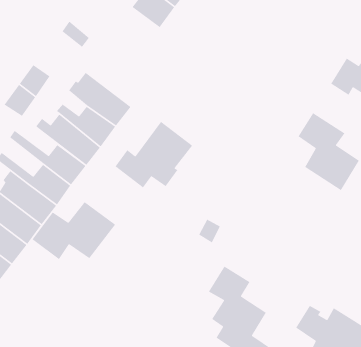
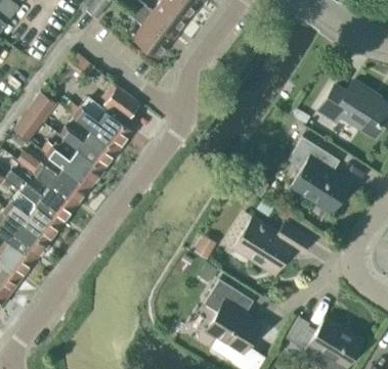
building: none -> [103,86,139,121]
building: [114,121,193,188] -> none
building: none -> [235,218,310,273]
building: [31,201,116,260] -> none

